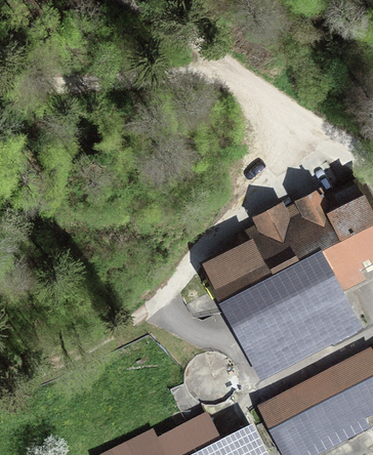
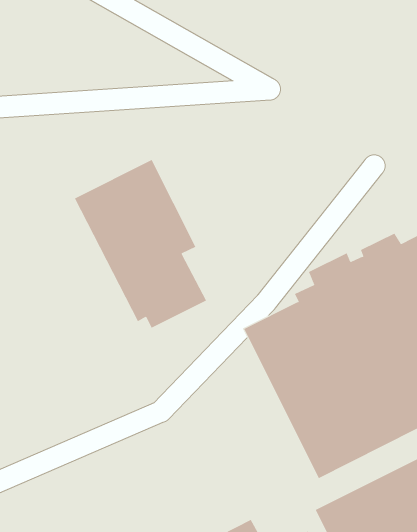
building: none -> [74,159,207,329]

